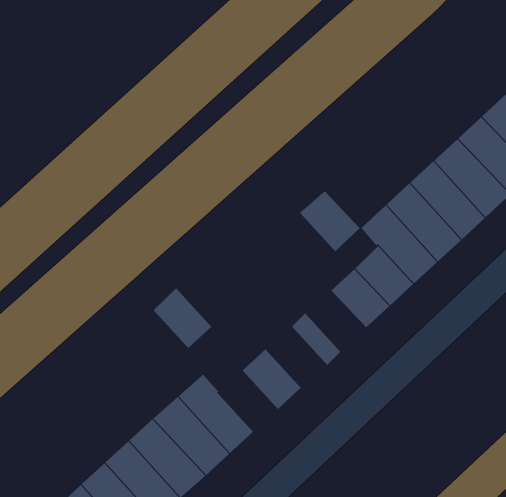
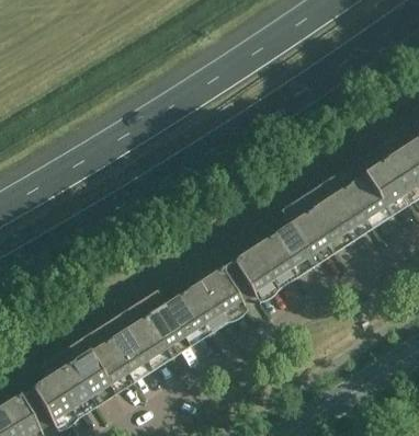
building: [299,191,361,252] -> [237,255,276,298]
building: [152,288,212,349] -> [169,299,207,342]
building: none -> [206,275,246,318]

